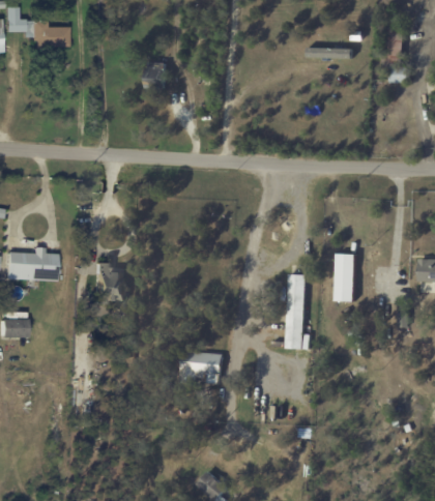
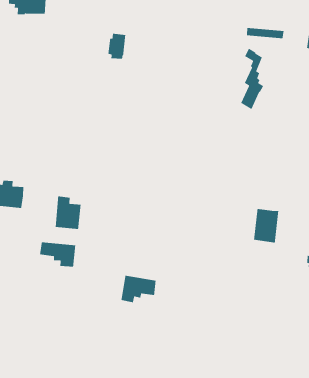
building: none -> [240,48,264,110]
building: [286,273,306,349] -> none
building: none -> [39,241,76,268]

